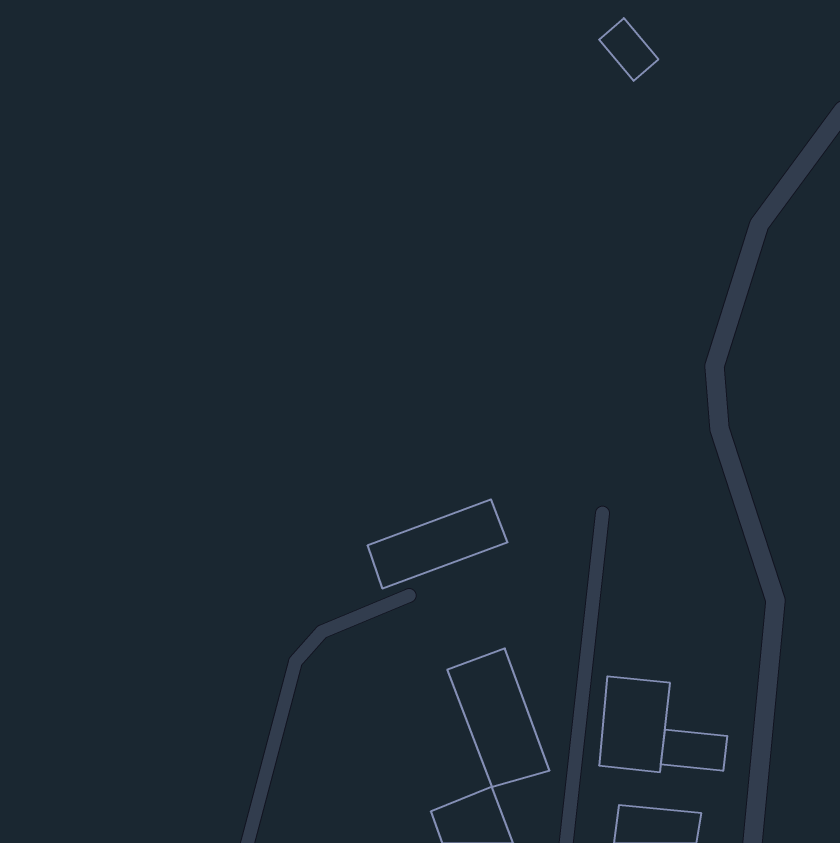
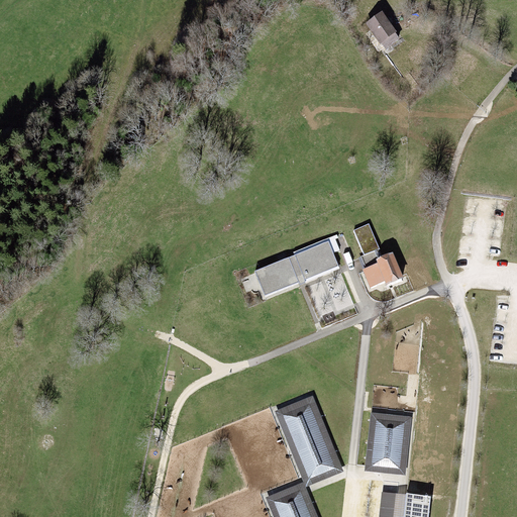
building: none -> [352,223,403,286]
building: [367,499,508,588] -> [254,240,340,295]
building: [661,729,727,771] -> none

